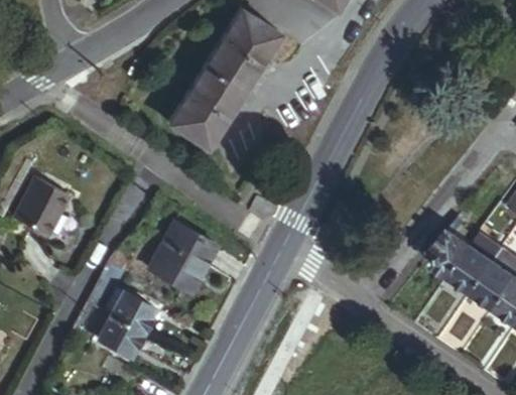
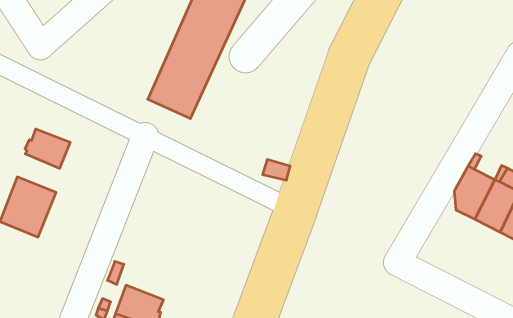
building: none -> [25,129,70,168]
building: [151,225,218,289] -> none

